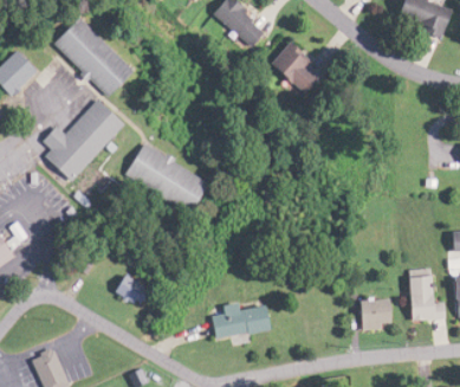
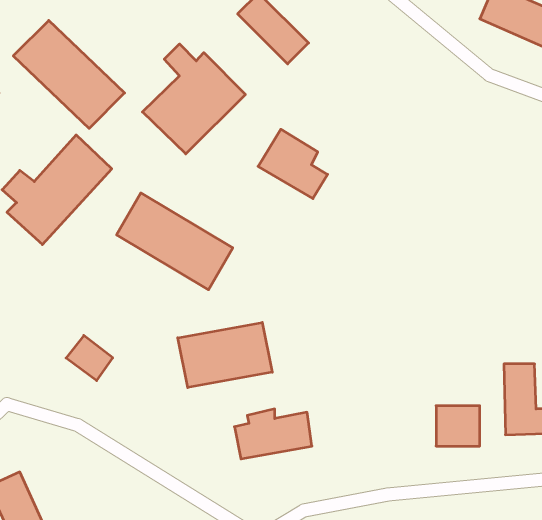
building: none -> [142,44,245,154]
building: [270,44,320,95] -> [258,129,328,199]
building: none -> [178,322,272,388]
building: [115,272,149,305] -> [66,335,113,381]

